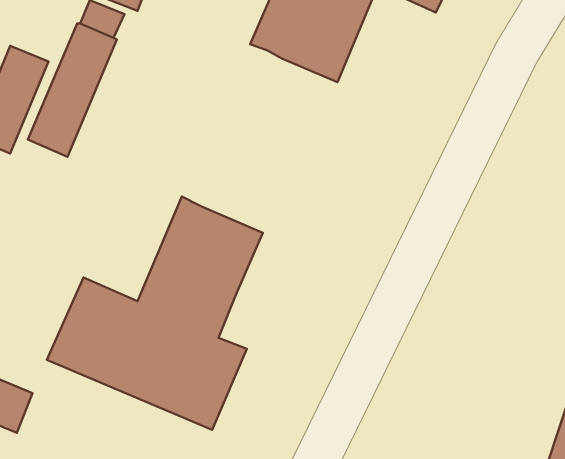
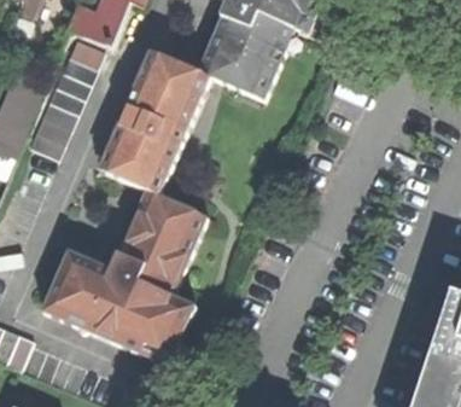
building: none -> [98,51,209,194]

